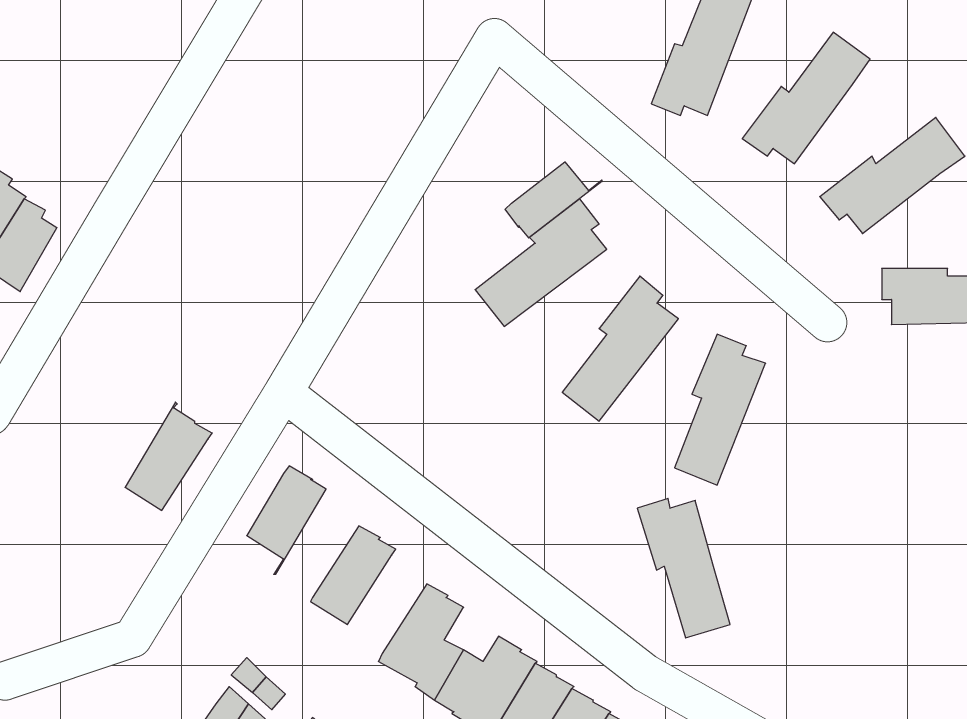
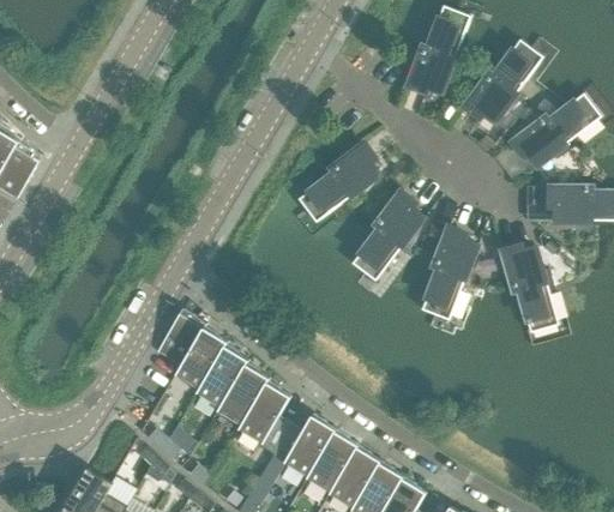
building: [505,162,602,238] -> none
building: [125,402,212,510] -> [173,323,227,390]
building: [637,498,730,638] -> [499,246,556,332]
building: none -> [215,363,269,424]

